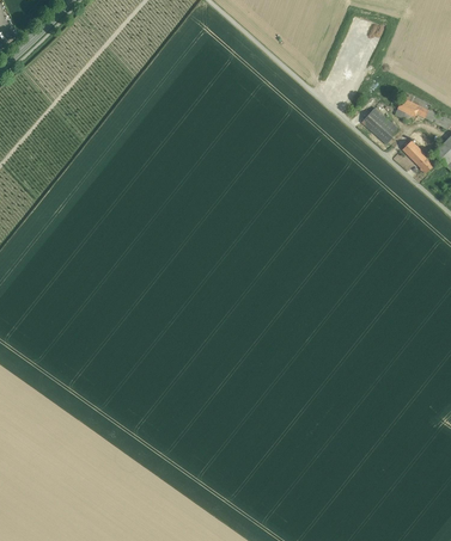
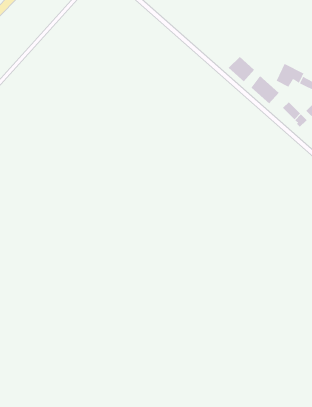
building: none -> [228,56,255,82]

